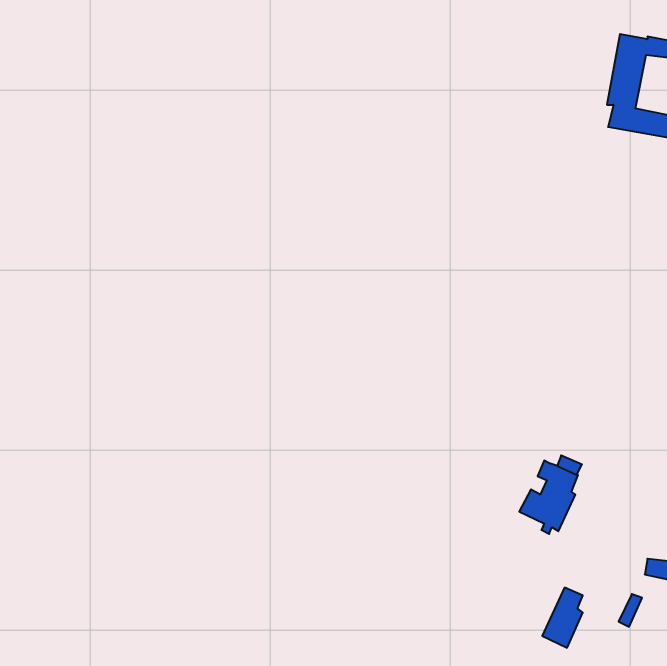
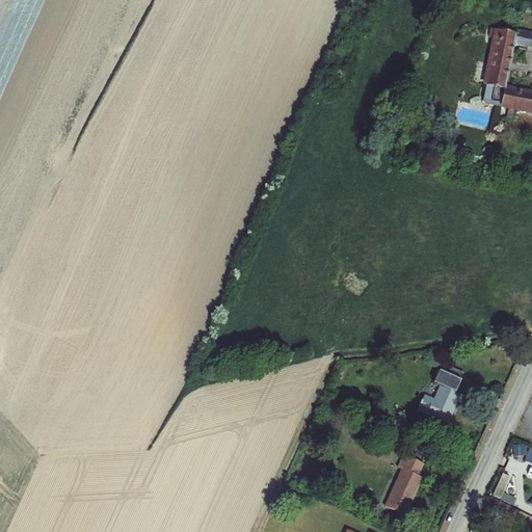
building: [542,588,583,648] -> [390,458,422,506]

